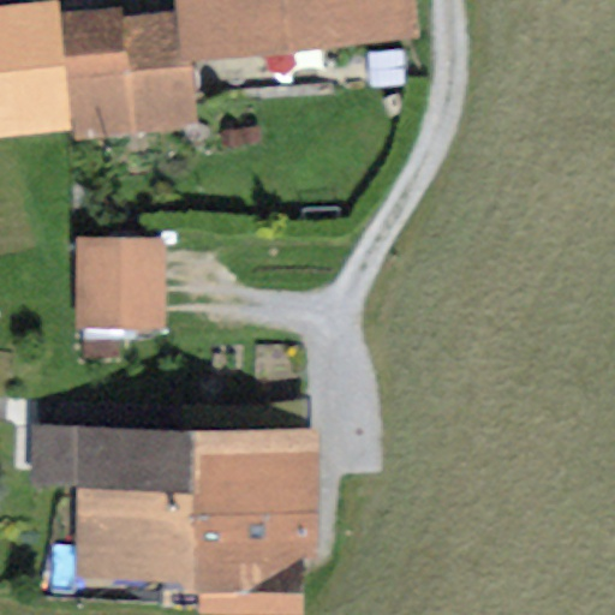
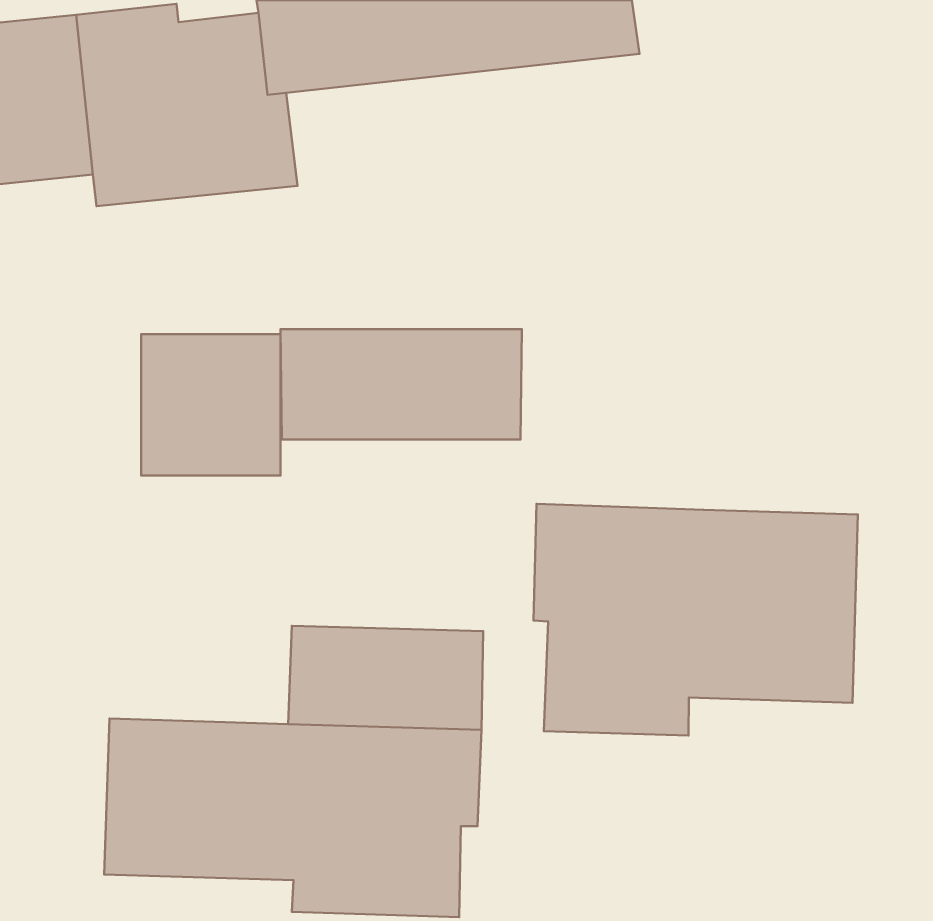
building: none -> [281,329,522,440]
building: none -> [534,504,858,735]
building: [23,418,189,486] -> none

